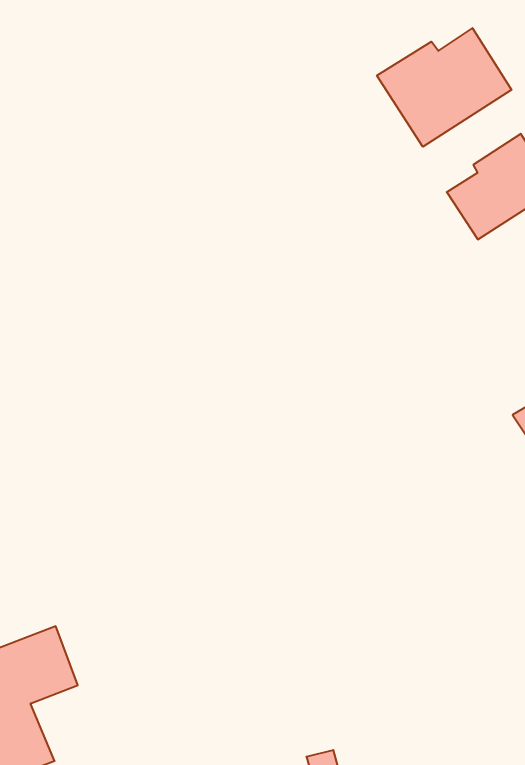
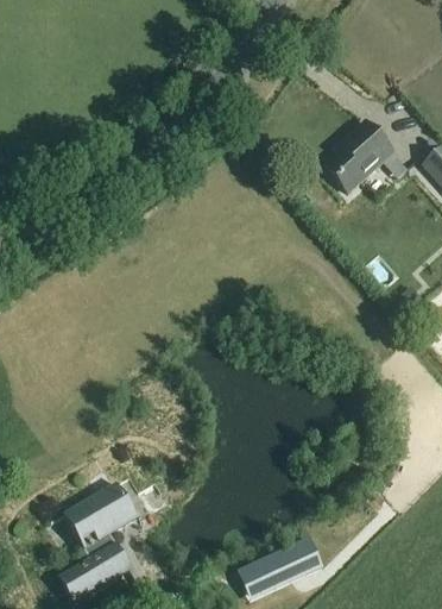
building: [377,28,511,147] -> none

